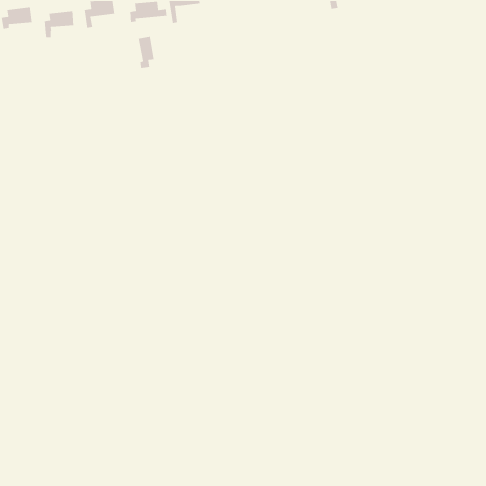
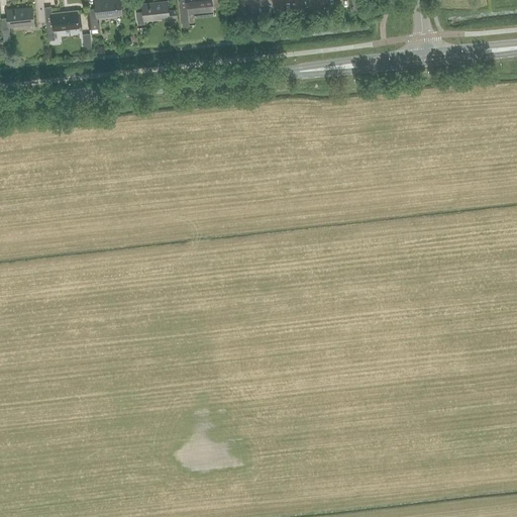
building: [138,36,154,69] -> none

